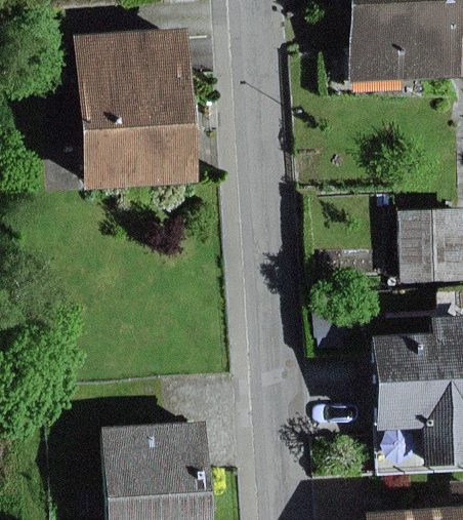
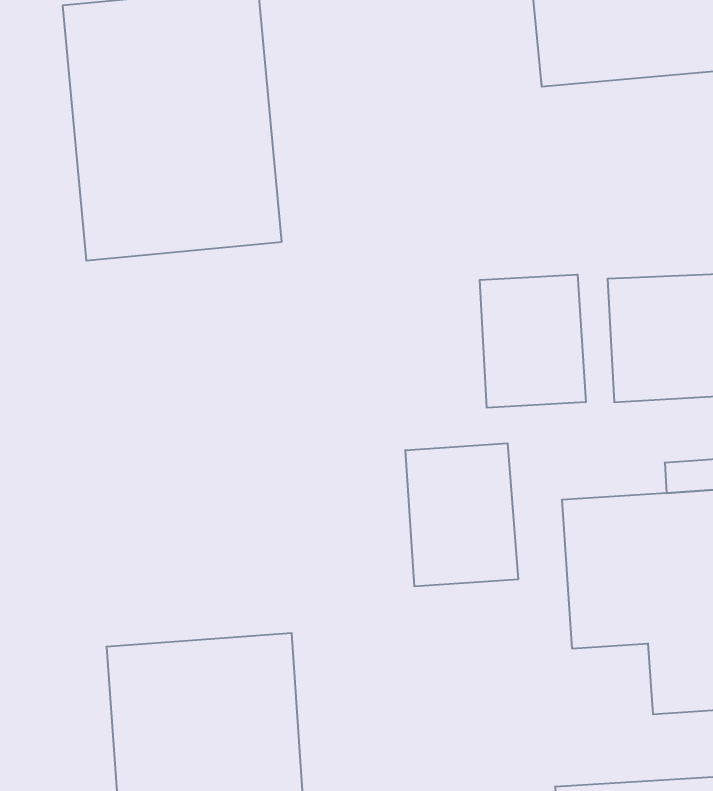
building: none -> [480,274,586,408]
building: none -> [405,443,518,586]

